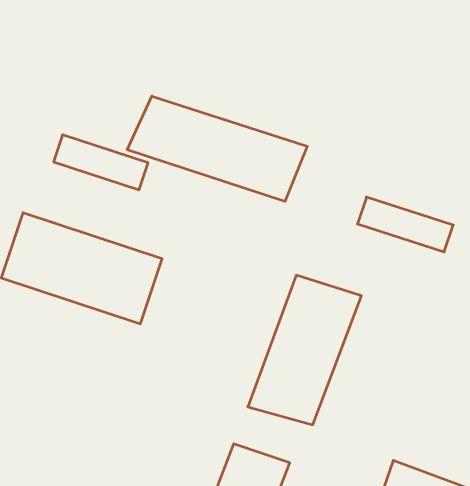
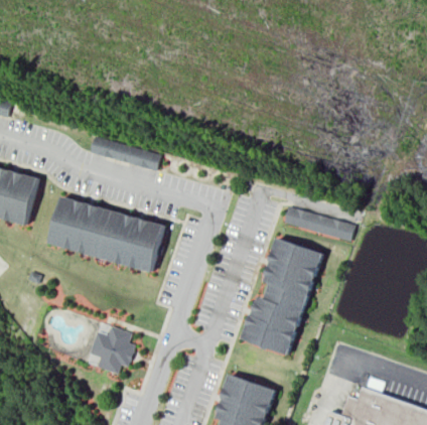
building: [127,96,307,201] -> none
building: [357,197,453,252] -> [281,199,357,243]
building: none -> [87,326,133,375]

